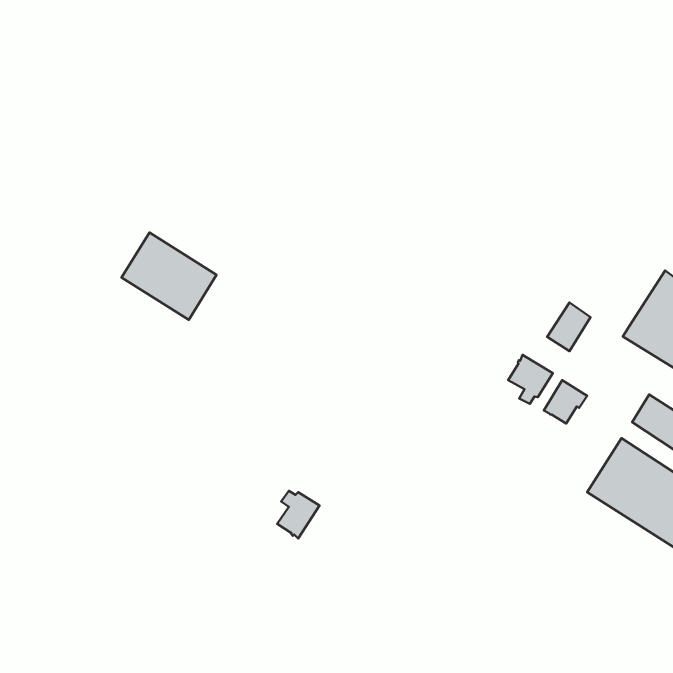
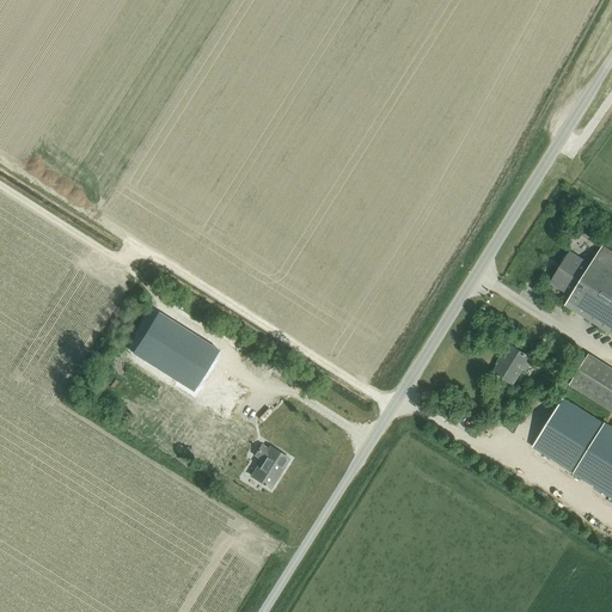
building: [122,233,217,320] -> [134,312,220,391]
building: [547,302,591,351] -> [551,251,590,295]
building: [508,355,553,404] -> none

